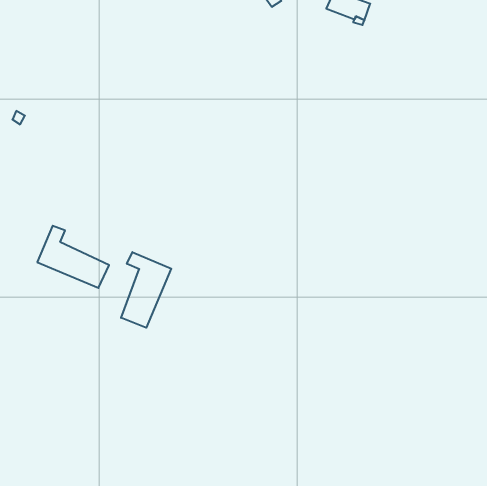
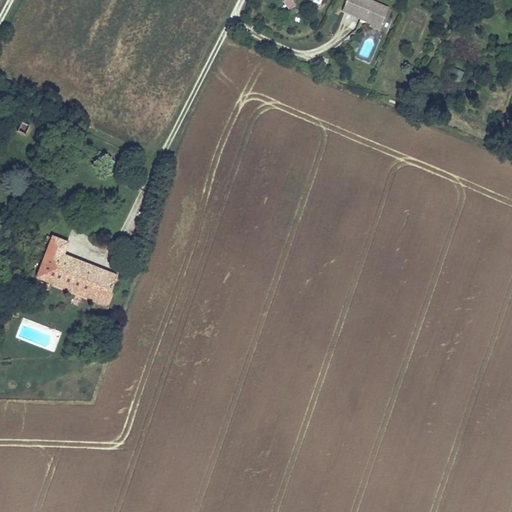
building: [121,252,171,328] -> none

